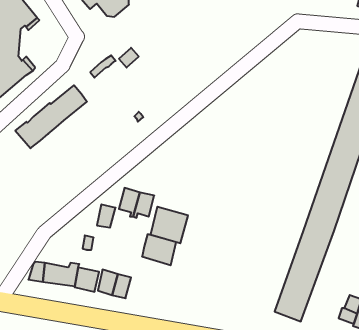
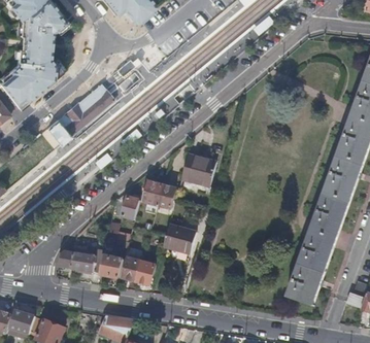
building: [151,207,188,243] -> [181,151,216,185]

